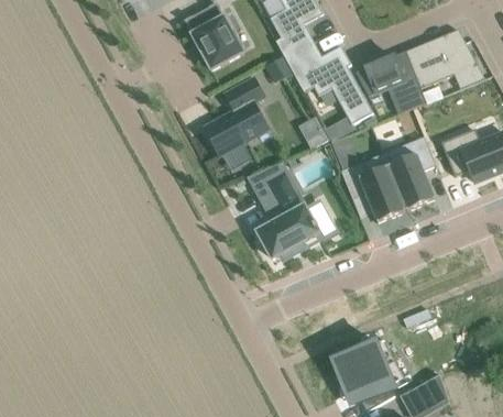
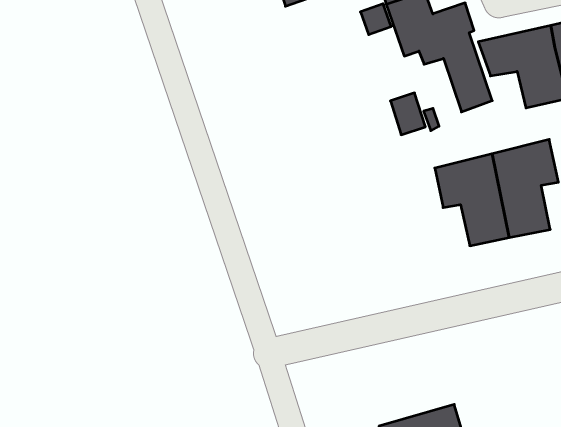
building: [204,78,269,156] -> none
building: [249,164,319,261] -> none

